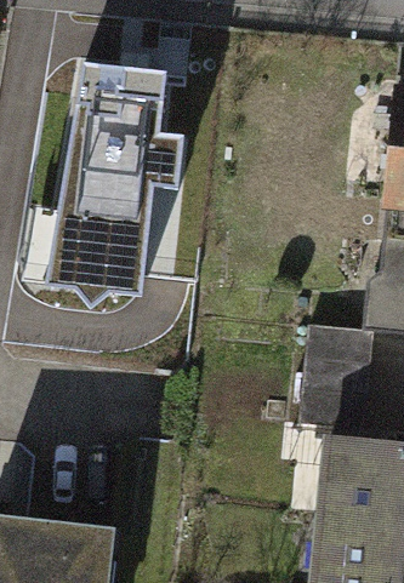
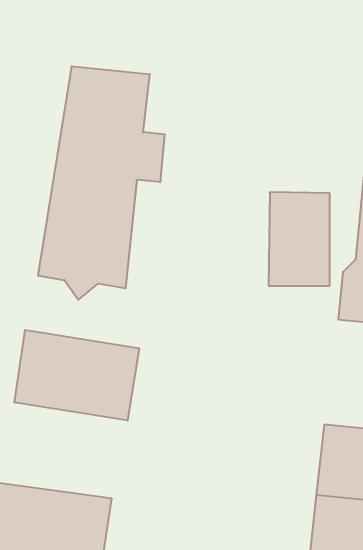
building: [308,342,372,440] -> [269,192,330,286]
building: none -> [15,330,139,421]

